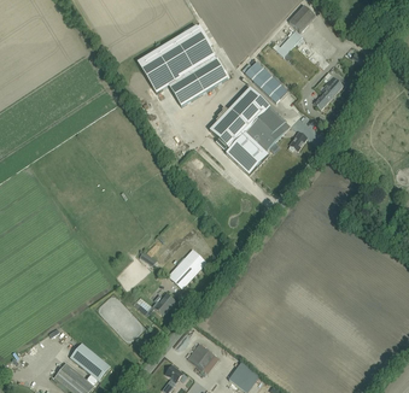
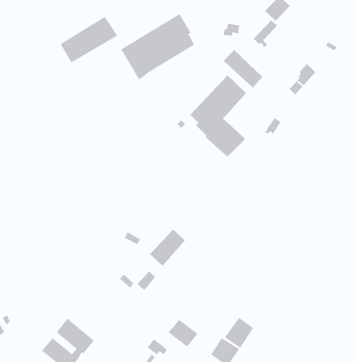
building: [168,57,229,106] -> [59,16,118,63]
building: [245,107,290,152] -> none
building: none -> [224,317,254,349]

